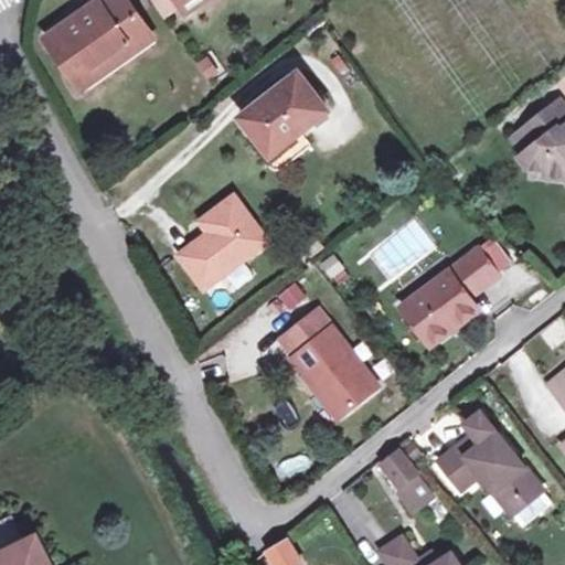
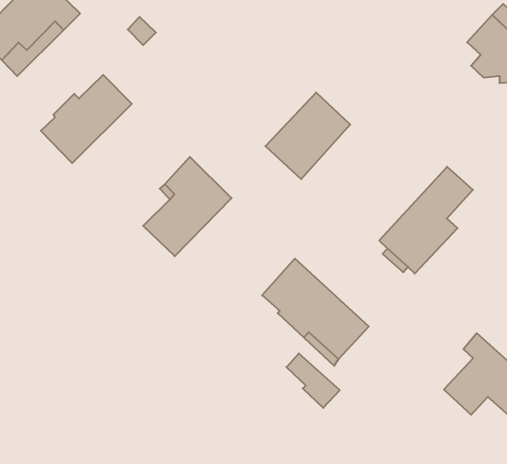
building: [241,73,326,153] -> [265,92,350,179]
building: none -> [41,75,132,163]
building: [384,452,431,509] -> [286,353,340,408]

